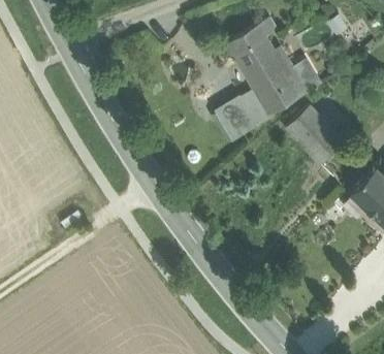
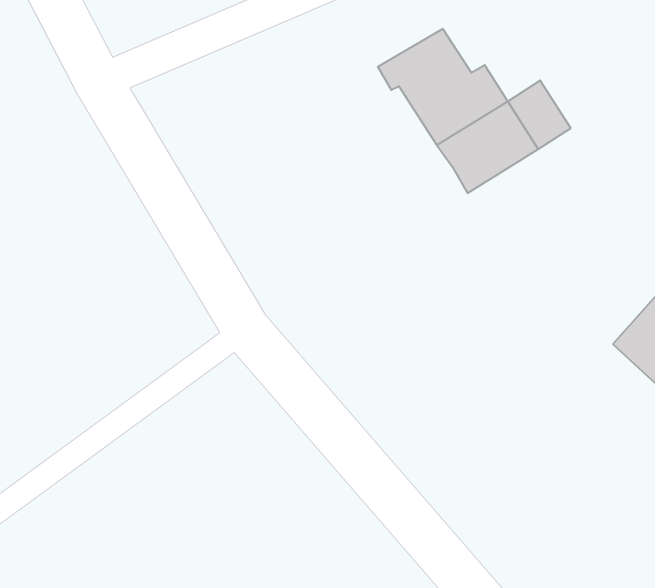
building: [214,93,271,138] -> none
building: [286,103,344,162] -> none

